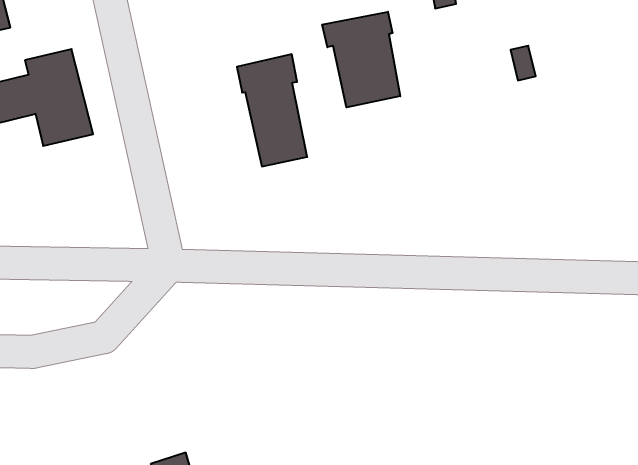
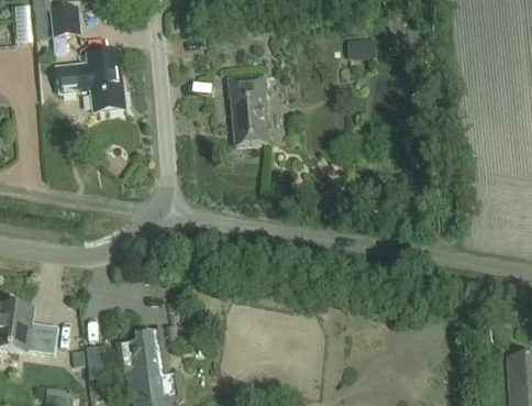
building: [322,12,400,107] -> none

